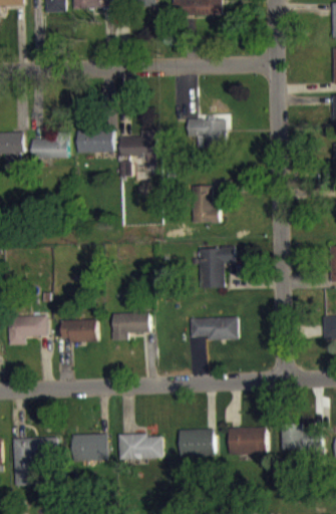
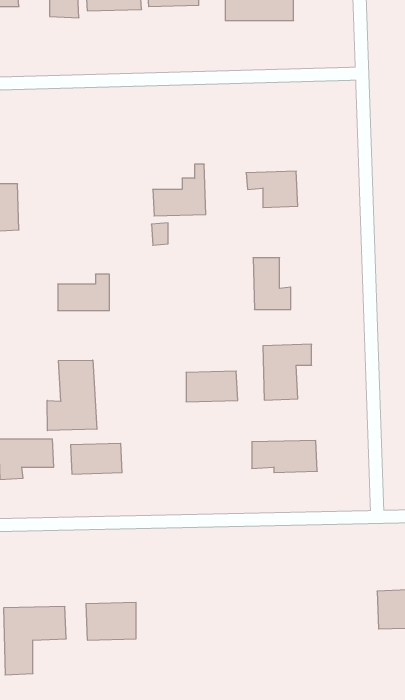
building: [77,131,113,153] -> none
building: [32,133,69,159] -> [58,274,109,311]
building: none -> [47,360,97,431]
building: [113,312,150,334] -> [186,371,238,402]
building: [228,427,266,455] -> none
building: [179,429,214,457] -> none
building: [117,435,162,460] -> none

